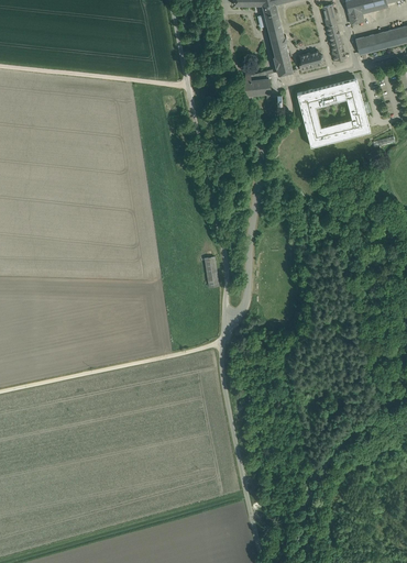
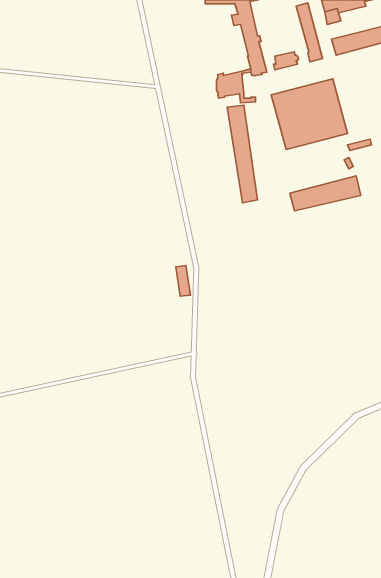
building: none -> [227,105,258,203]
building: none -> [290,176,361,211]

